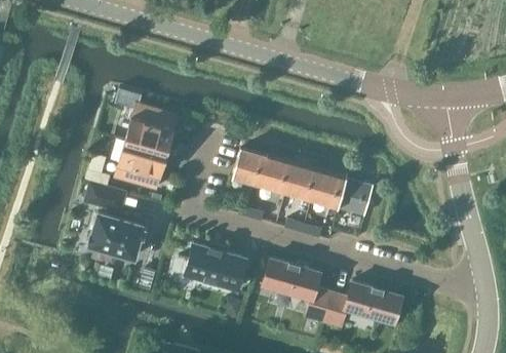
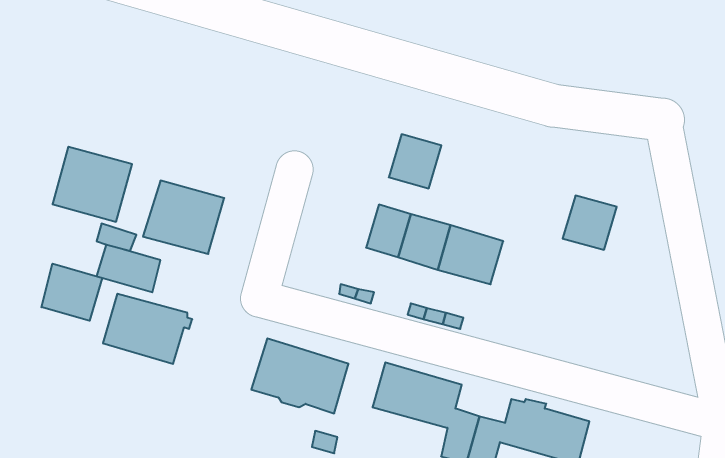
building: [125,105,177,153] -> [52,147,132,222]
building: [232,150,266,185] -> [389,134,441,188]
building: [338,181,373,215] -> [563,196,617,250]
building: none -> [41,264,102,321]

